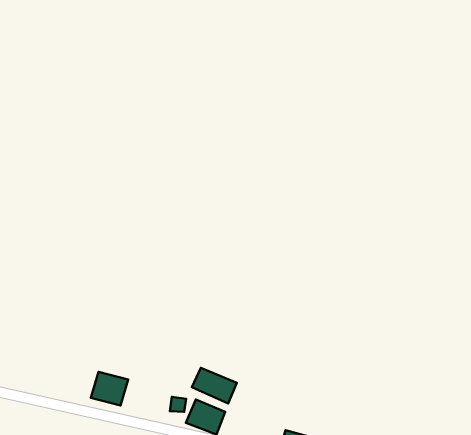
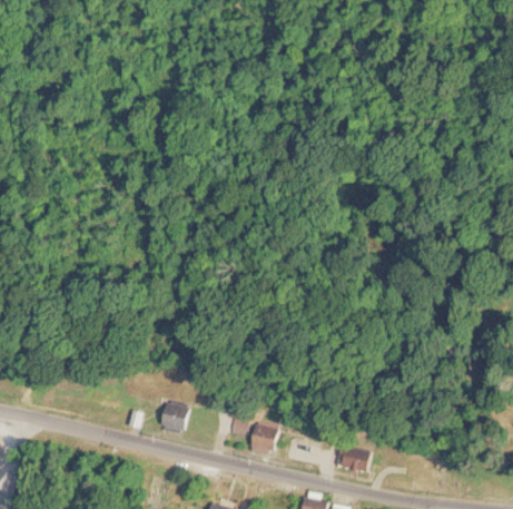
building: [192,368,237,404] -> none

